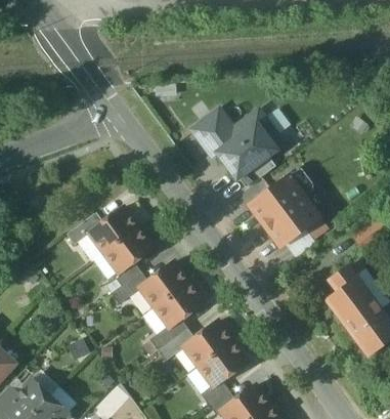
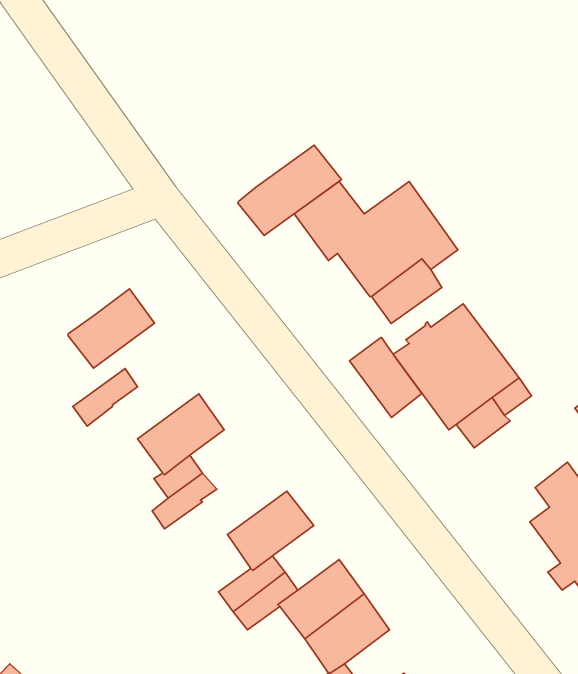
building: none -> [238,145,342,235]
building: none -> [349,338,422,417]
building: [89,207,138,252] -> [68,289,155,368]
building: [139,261,188,306] -> none

